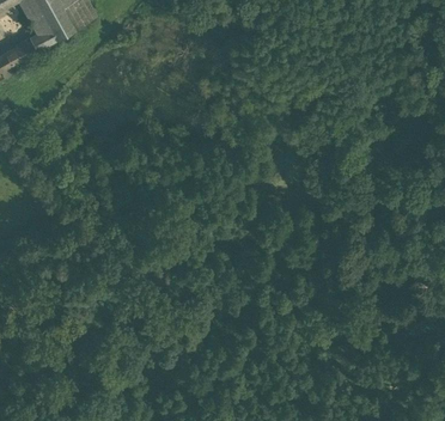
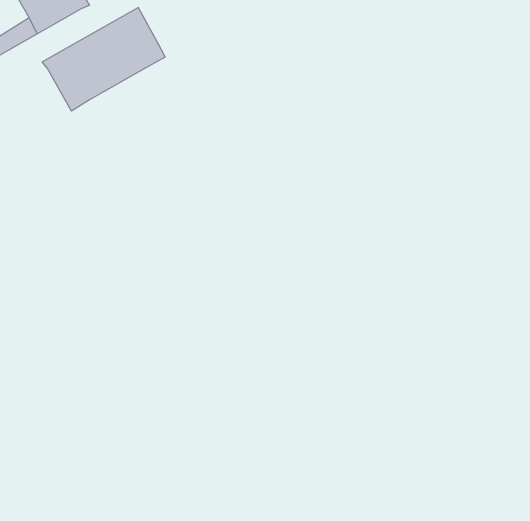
building: none -> [42,7,165,111]

